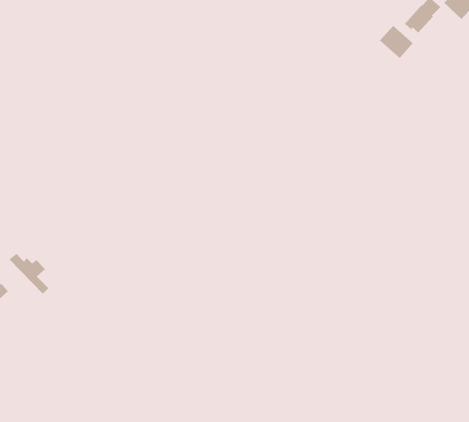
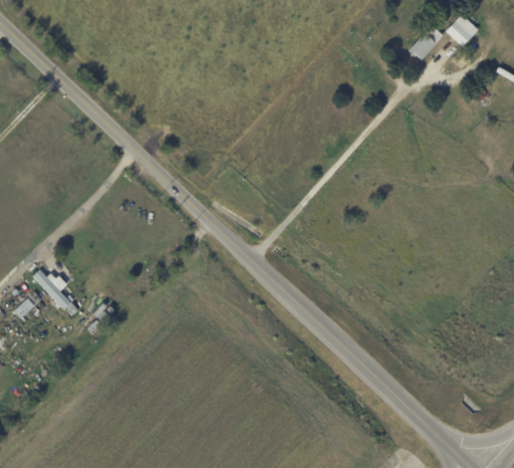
building: [379,25,414,59] -> none

